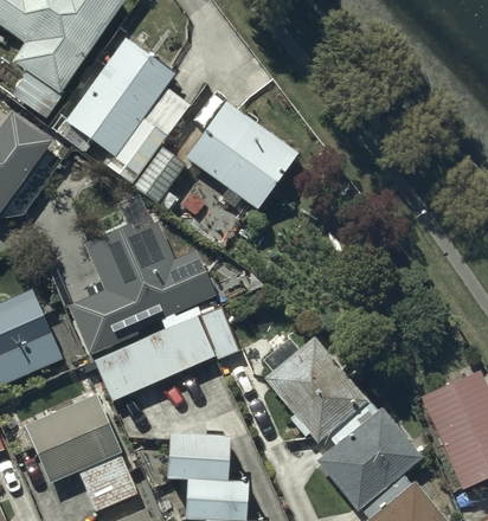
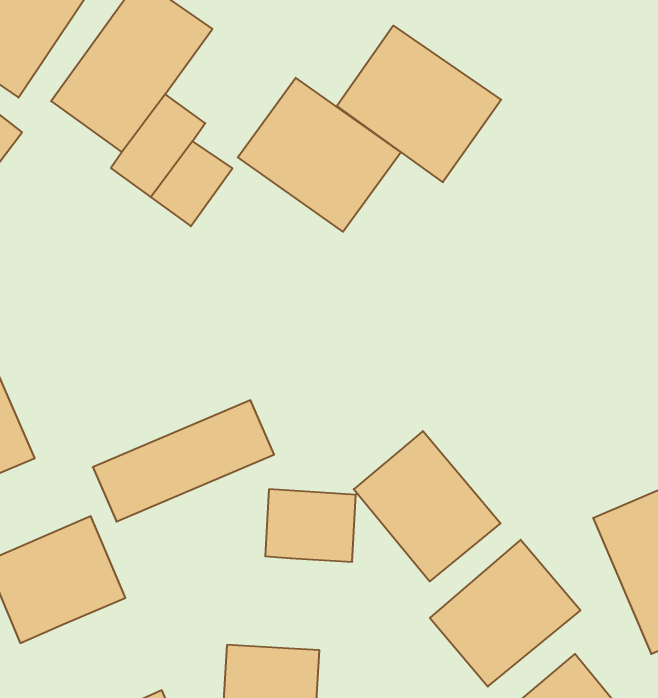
building: none -> [337,26,501,182]
building: [76,225,219,350] -> none
building: [167,432,226,480] -> [265,489,356,562]
building: [76,446,135,507] -> none

